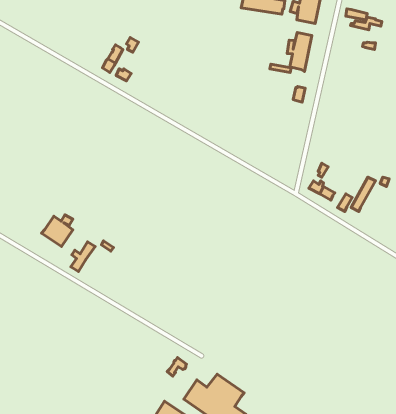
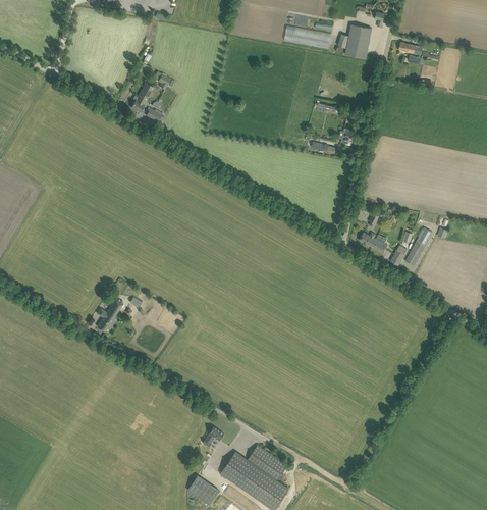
building: [287,33,312,71] -> none
building: [41,215,73,247] -> none

